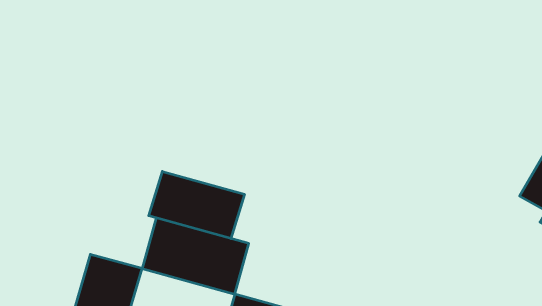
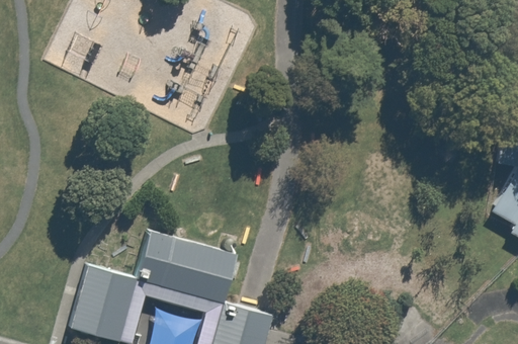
building: [149,171,244,239] -> none

